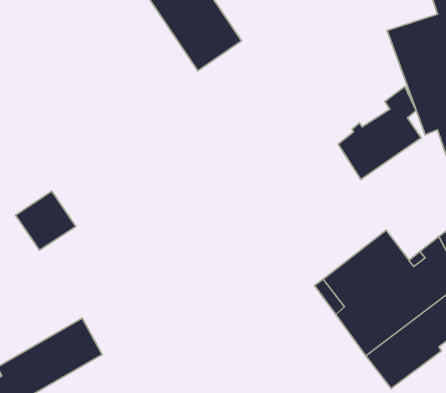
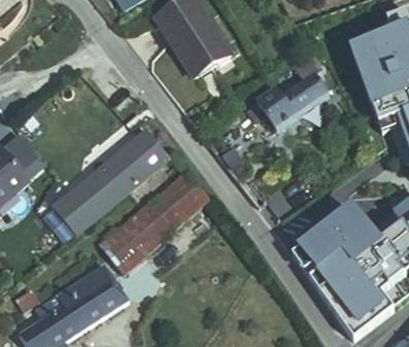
building: [338,87,421,179] -> [260,47,328,124]
building: none -> [76,129,165,204]
building: none -> [99,184,210,283]

